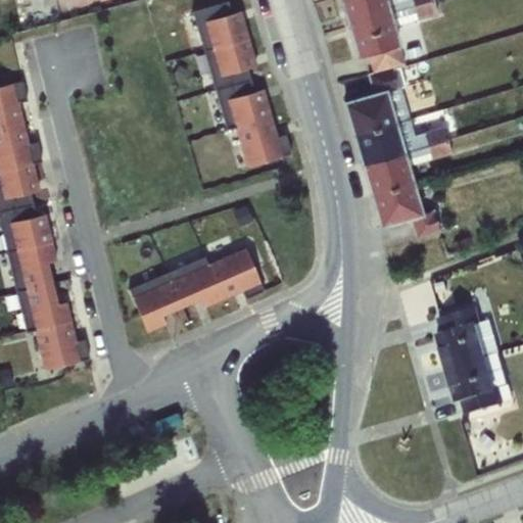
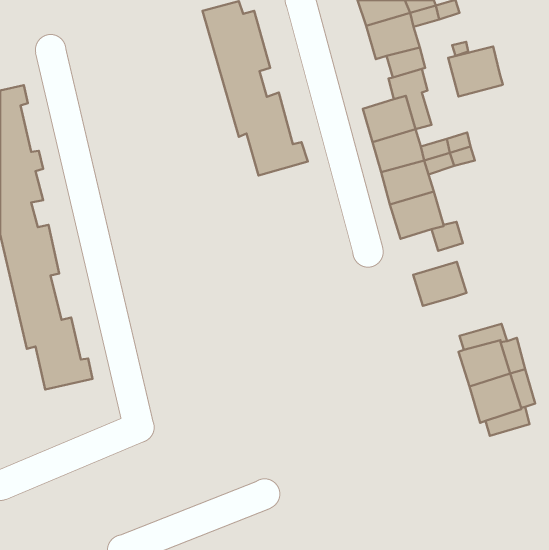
building: none -> [448,47,503,96]
building: [131,246,265,332] -> none
building: none -> [413,262,466,306]

